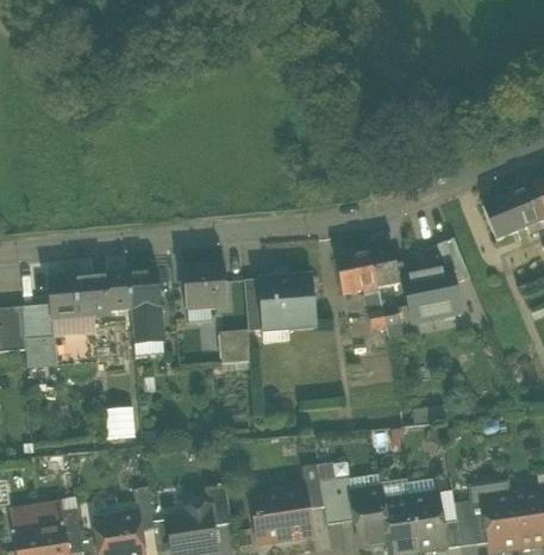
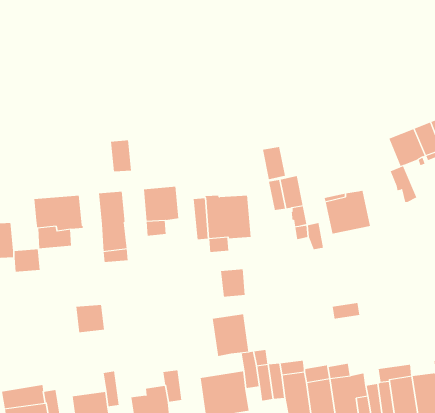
building: [436,237,469,282] -> [390,165,417,203]
building: [370,245,399,286] -> [262,146,286,180]
building: [105,270,131,310] -> [110,140,132,172]
building: [21,304,55,341] -> none
building: [219,328,250,362] -> [220,269,245,297]
building: none -> [212,314,249,357]

